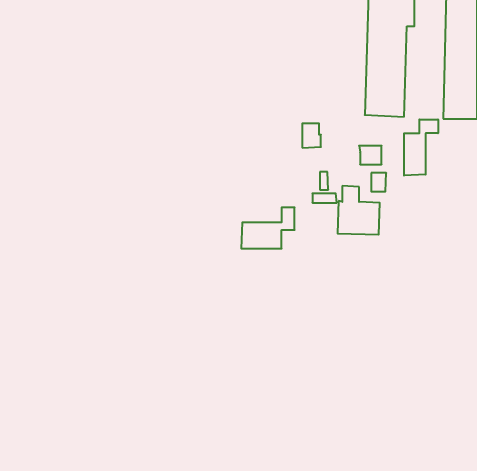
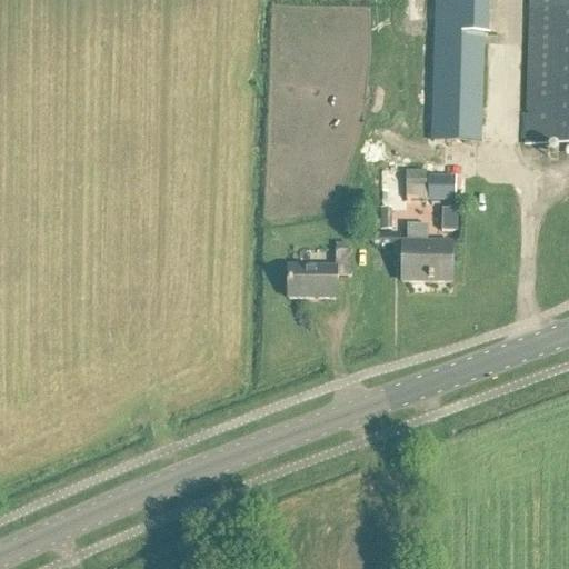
building: [404,119,438,176] -> none
building: [302,123,321,148] -> [406,168,428,197]

